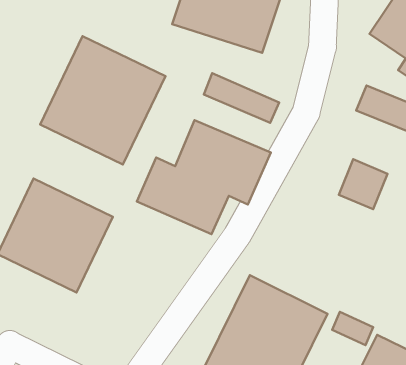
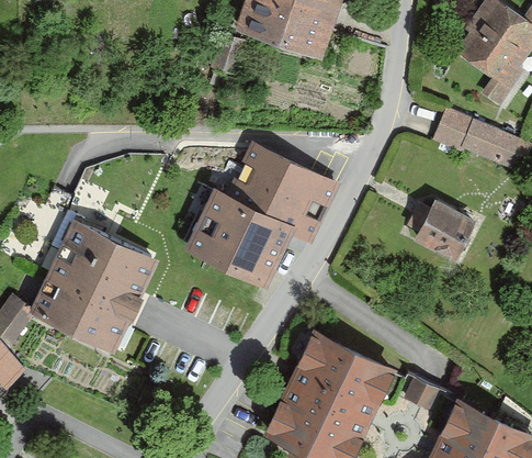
building: [40,36,166,164] -> none
building: [204,73,279,123] -> none

